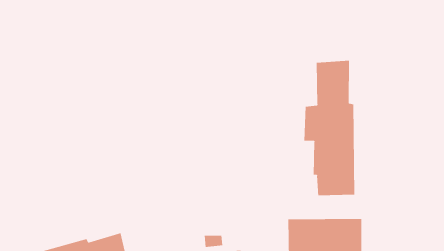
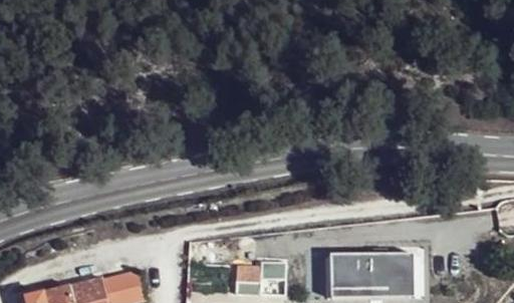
building: [304,60,355,196] -> none

